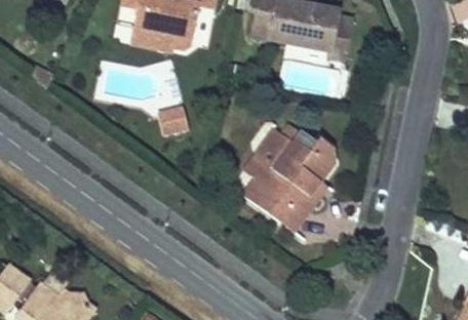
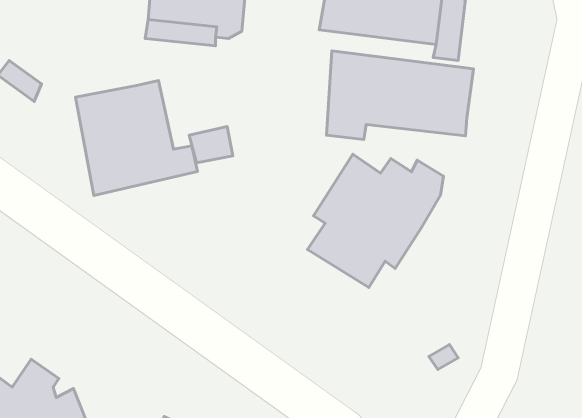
building: none -> [326,51,473,139]
building: none -> [75,80,197,195]
building: [286,178,334,232] -> none

